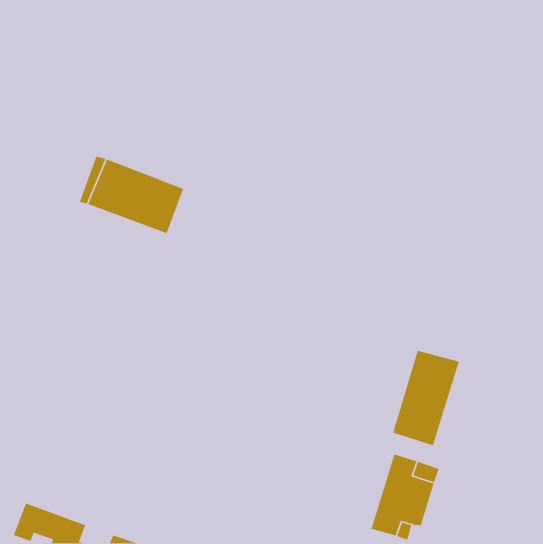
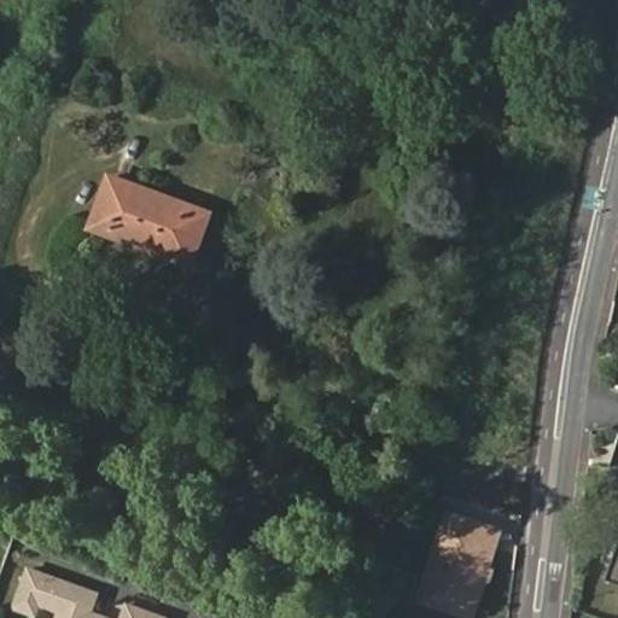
building: [392,350,460,446] -> none

